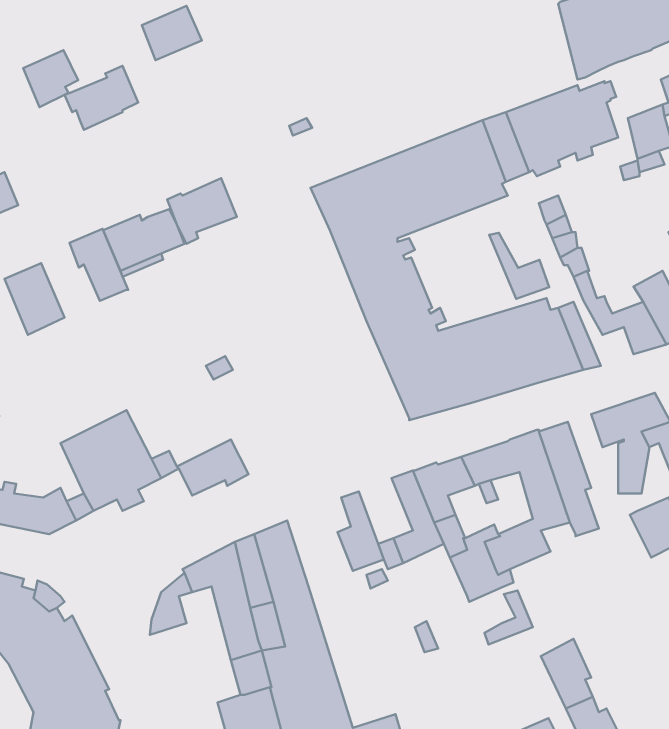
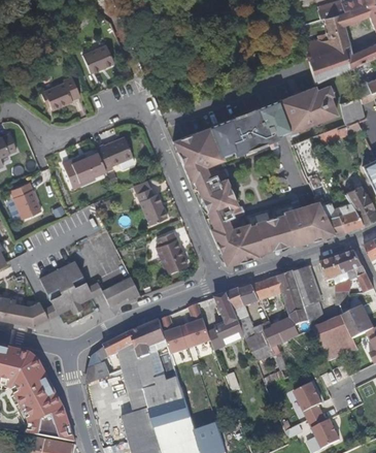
building: [23,50,78,107] -> none
building: [69,229,128,301] -> none
building: [489,233,549,299] -> [311,201,343,236]
building: none -> [134,187,167,225]
building: none -> [155,231,186,274]
building: none -> [159,315,189,354]
building: none -> [312,316,356,361]

